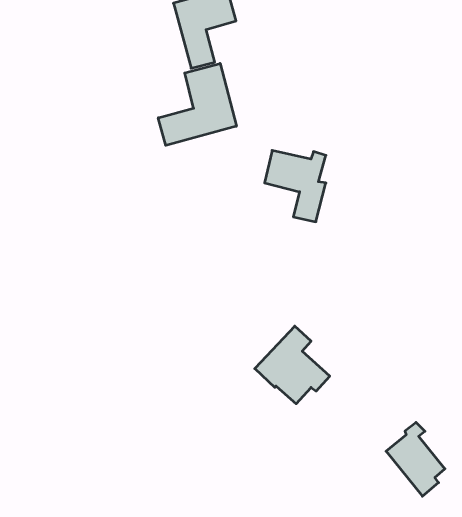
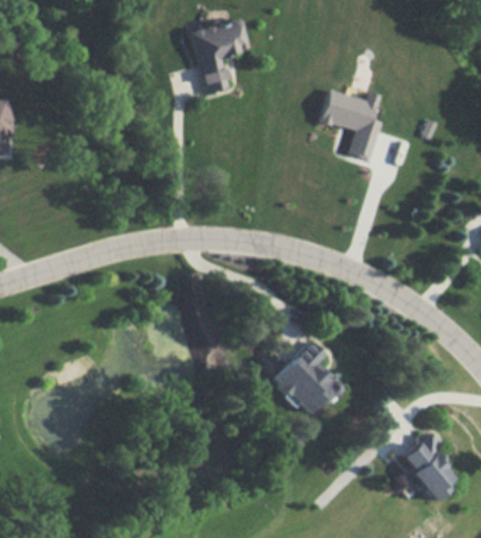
building: [158,63,236,145] -> none
building: [265,150,326,222] -> [323,92,381,159]

